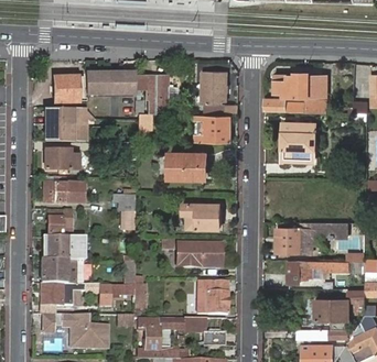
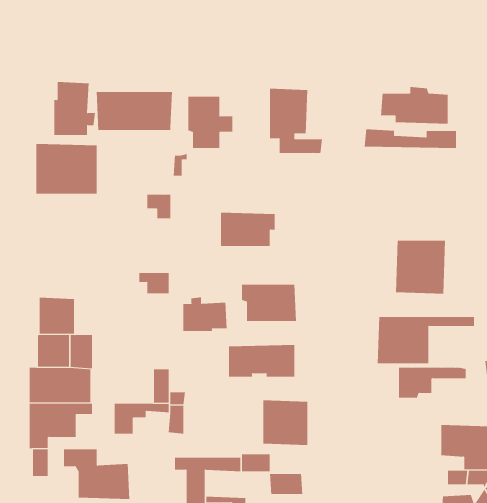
building: [193,114,230,141] -> none
building: [283,121,317,157] -> [395,240,446,294]
building: [43,150,77,169] -> none
building: [43,182,82,201] -> none
building: none -> [183,296,227,332]

